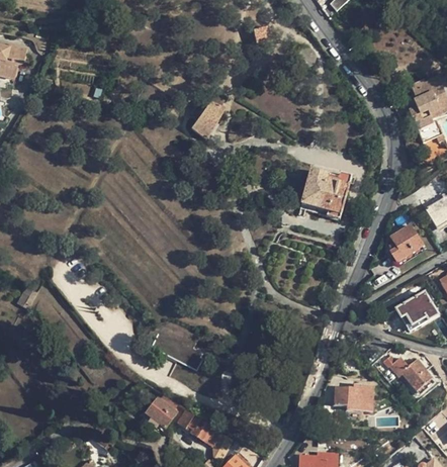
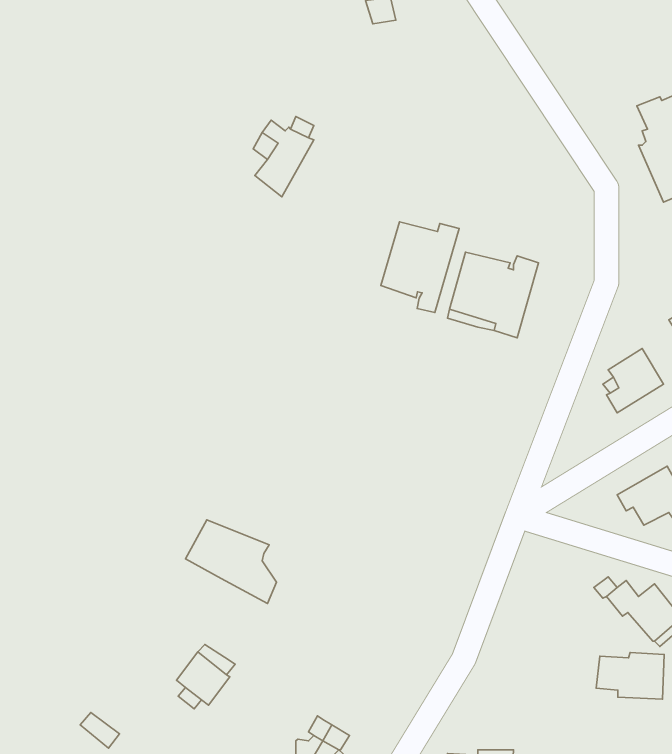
building: none -> [381,222,459,313]
building: [334,385,372,411] -> [596,653,664,699]
building: [176,409,222,444] -> none

